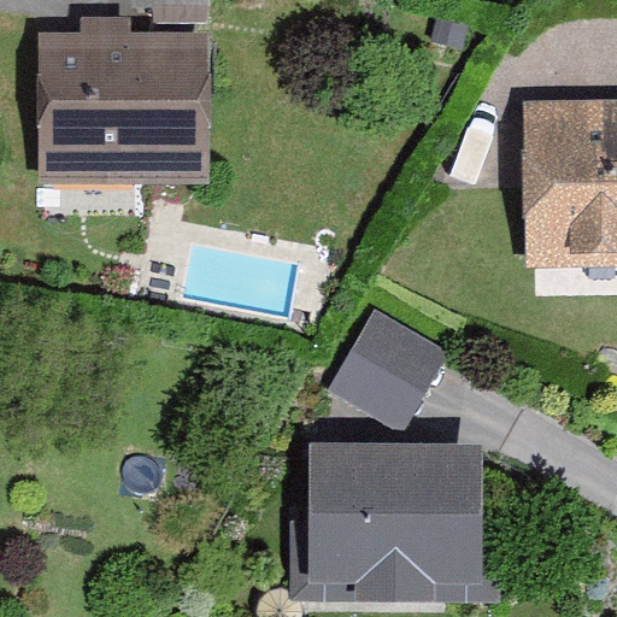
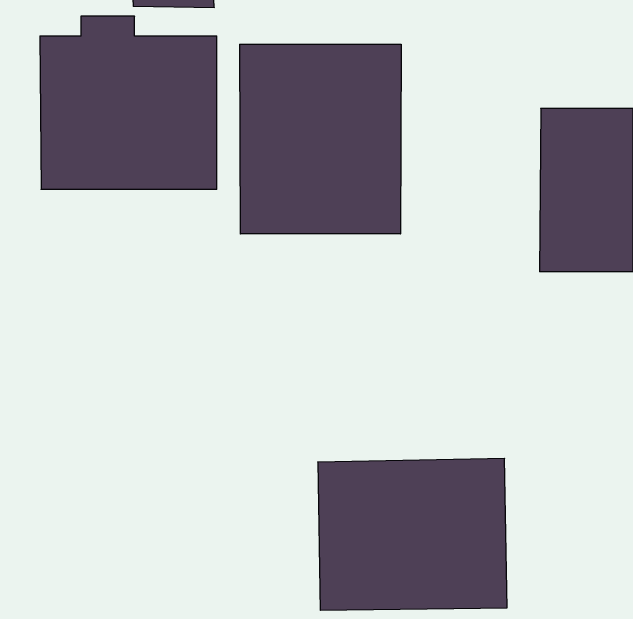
building: none -> [240,44,401,234]
building: [328,312,446,430] -> none

